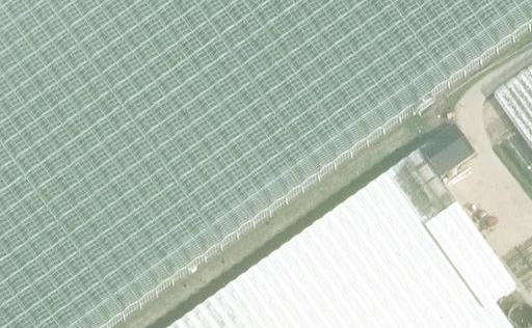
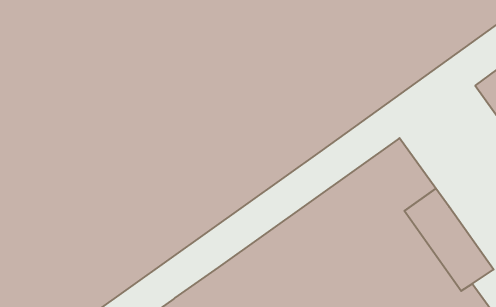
building: [420,124,474,175] -> none

